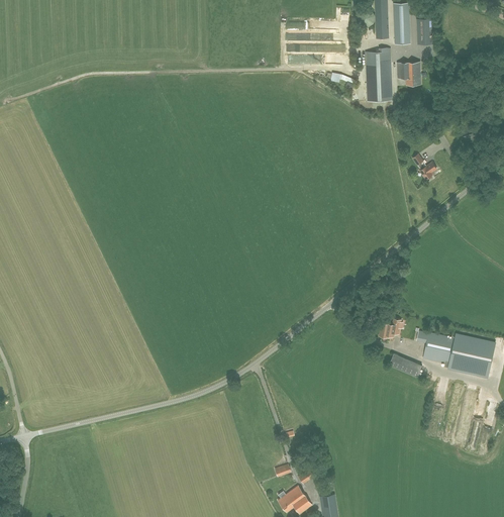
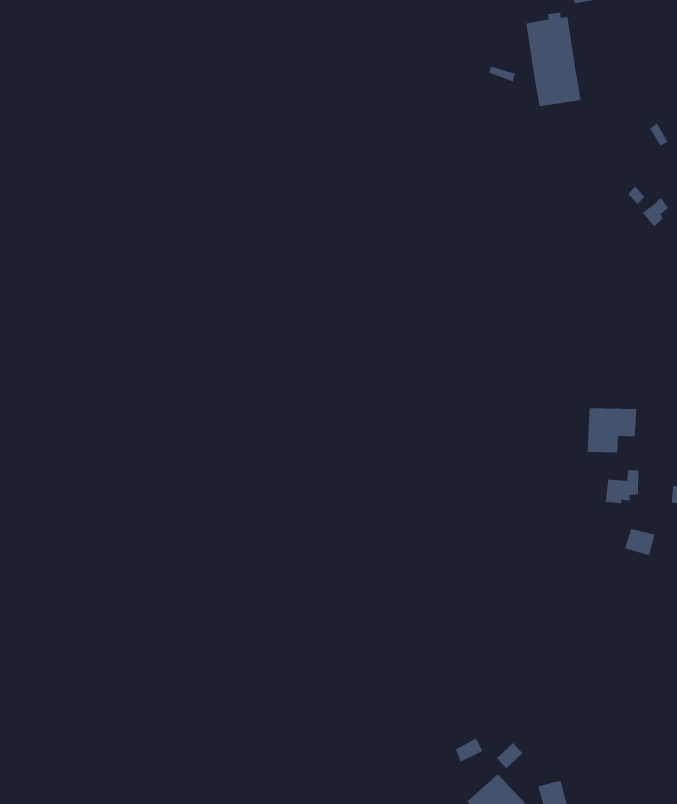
building: [397,62,421,85] -> none
building: none -> [587,407,637,453]

